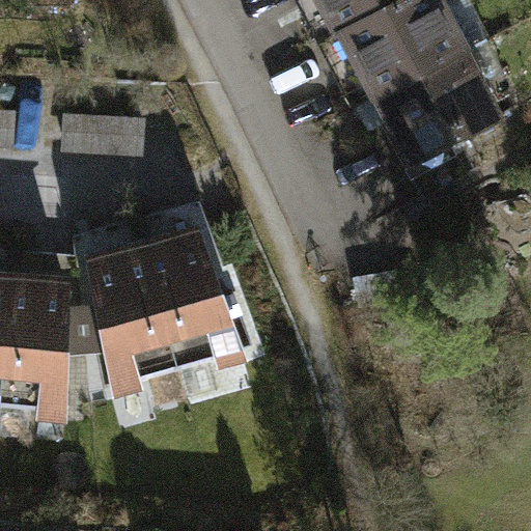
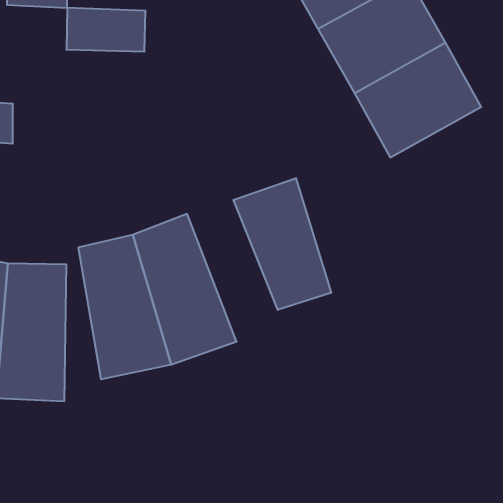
building: [60,115,143,161] -> [66,8,146,51]
building: none -> [233,178,331,310]

